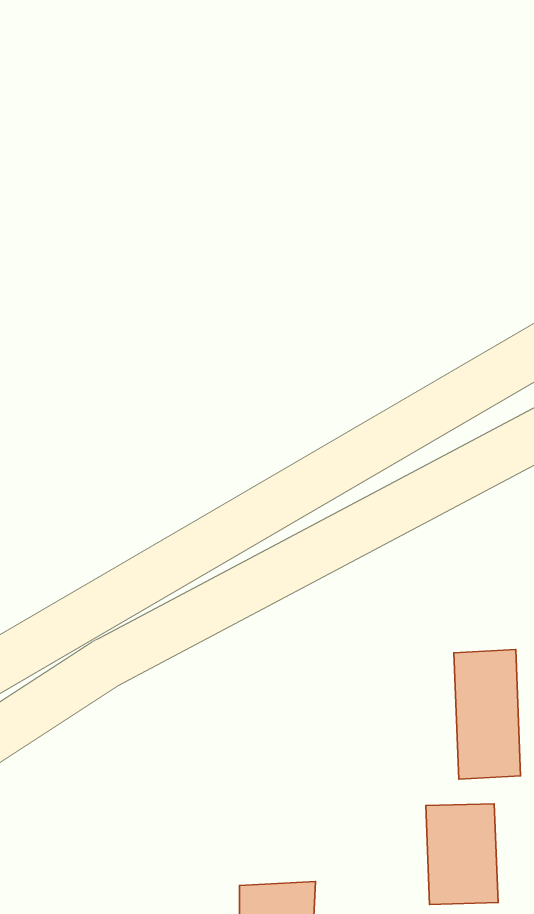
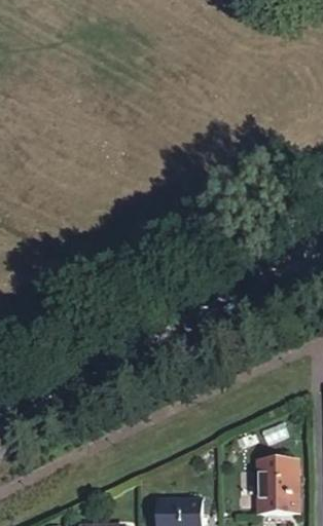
building: [454,649,521,779] -> none

